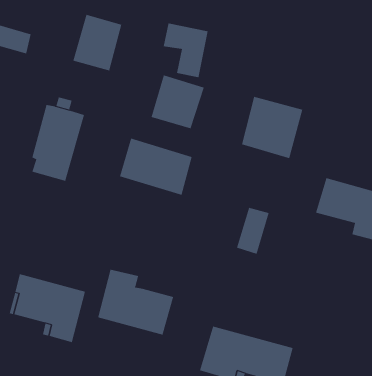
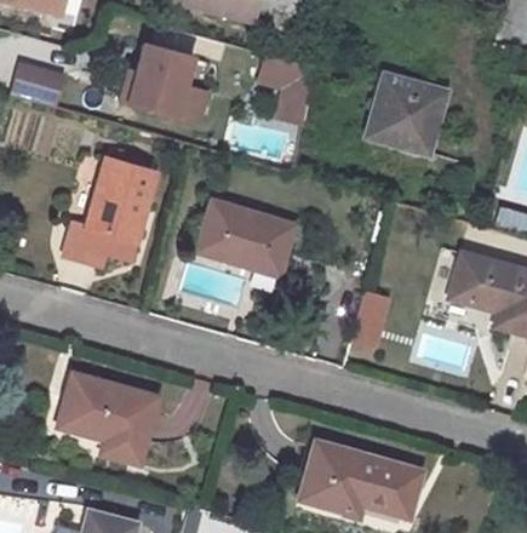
building: [151,75,205,129] -> none
building: [241,96,303,159] -> [382,81,460,161]
building: [98,269,174,336] -> none

